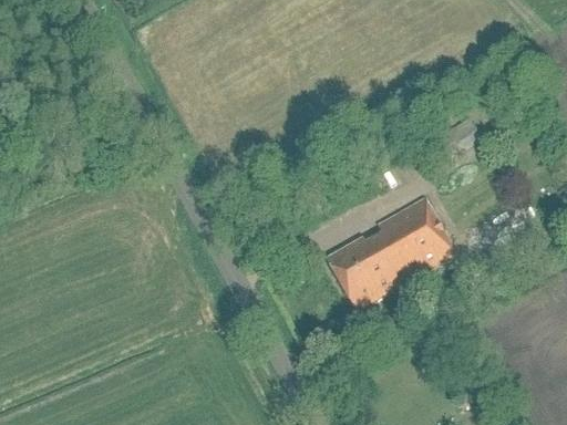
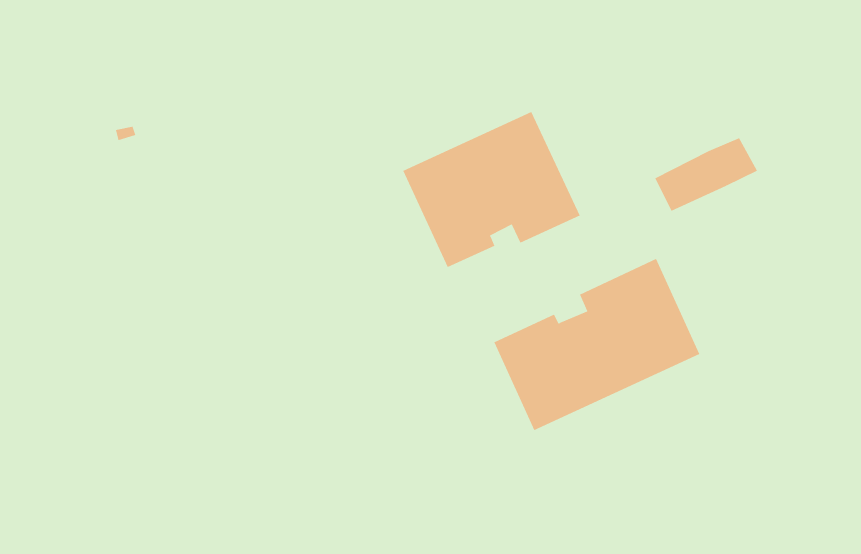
building: none -> [403,111,580,268]

